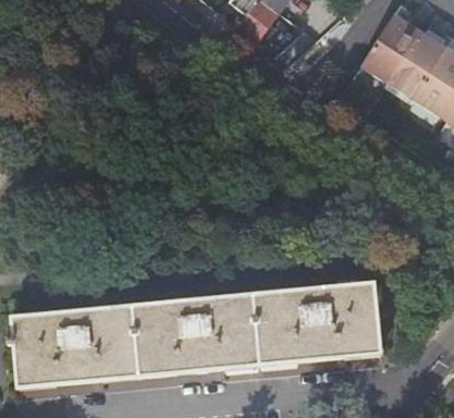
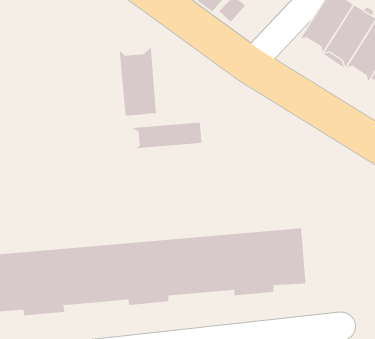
building: none -> [119,46,156,116]
building: none -> [131,122,202,149]

